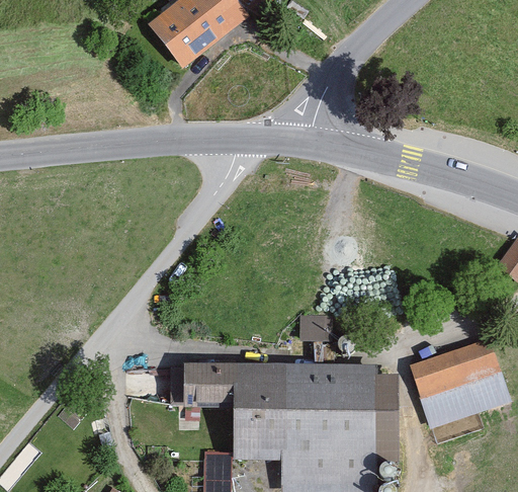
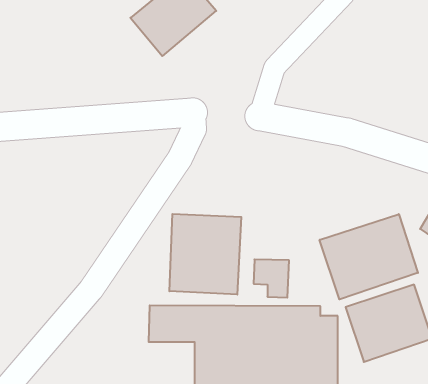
building: none -> [169,214,241,295]
building: none -> [320,214,418,299]

